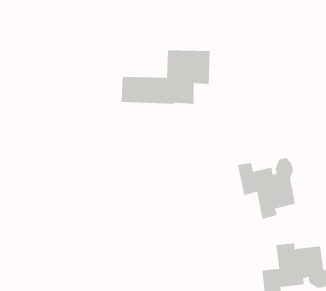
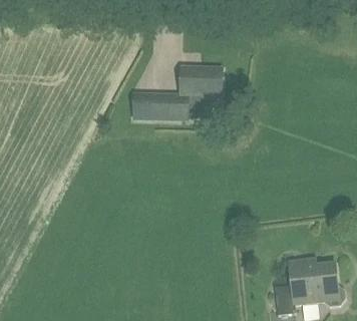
building: [237,157,296,220] -> none

